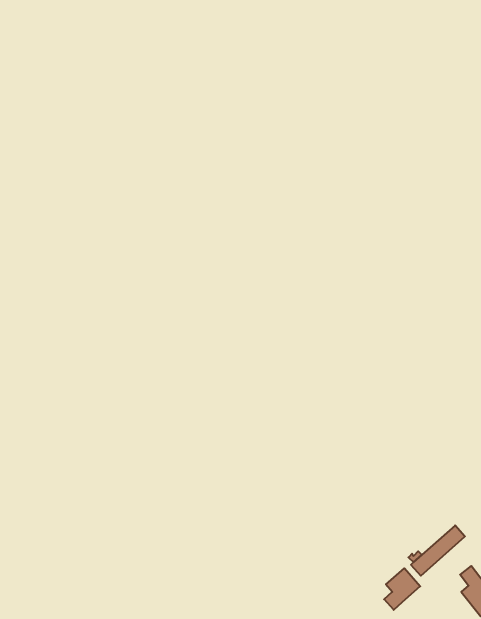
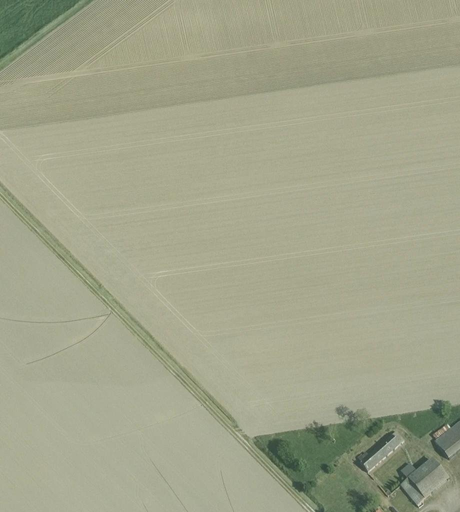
building: [384,568,420,610] -> none

